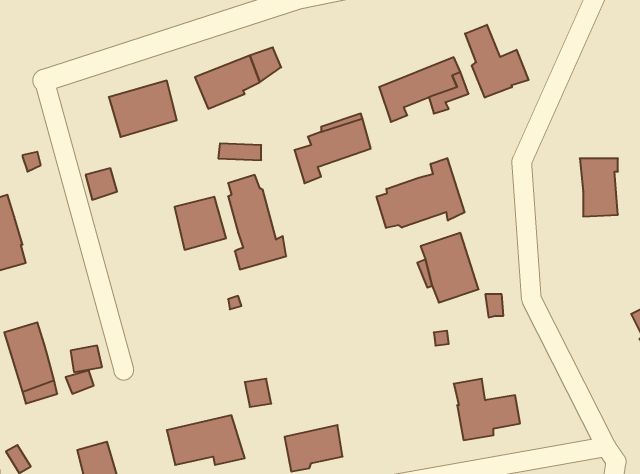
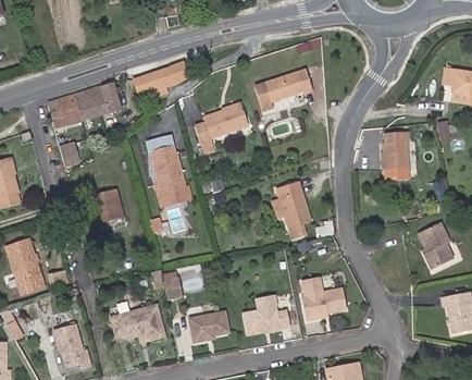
building: [465,25,529,98] -> none
building: none -> [48,95,82,130]
building: [377,158,465,228] -> none
building: [175,197,226,250] -> [88,189,122,224]
building: none -> [243,296,289,334]

